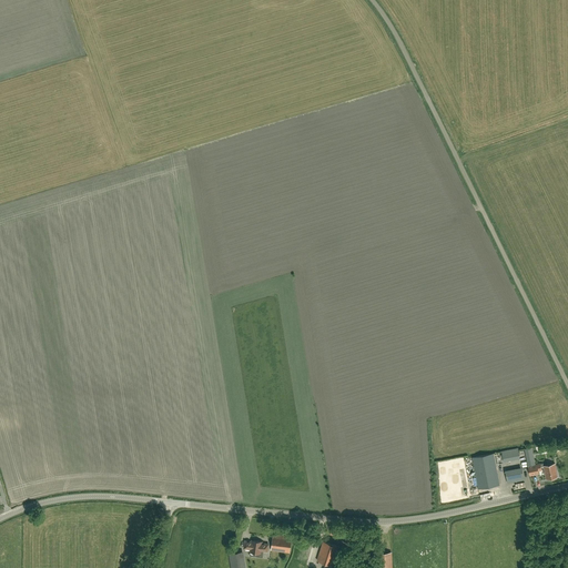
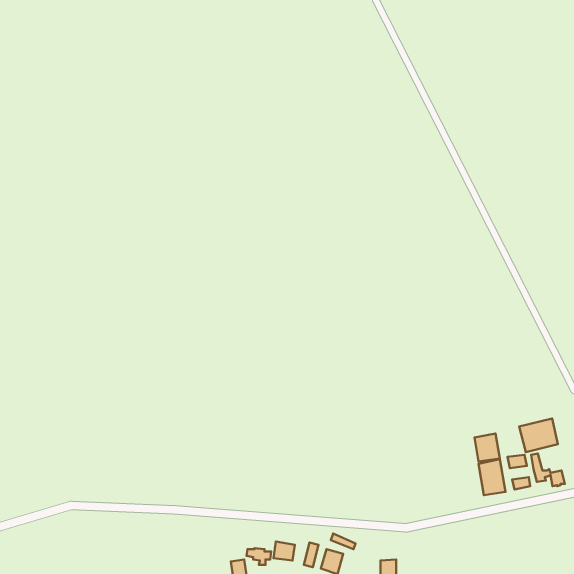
building: none -> [519,418,558,452]
building: none -> [475,433,500,462]

